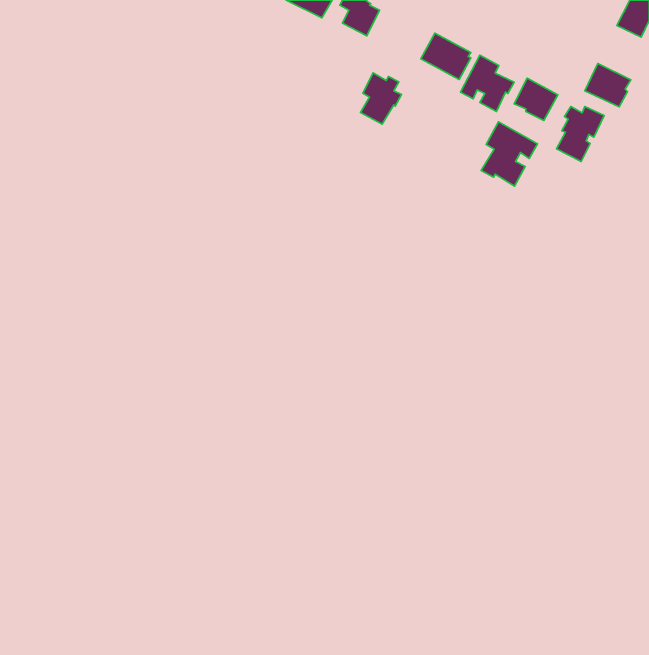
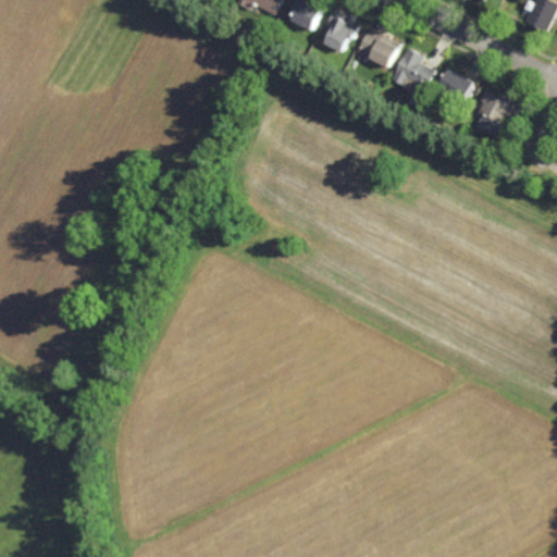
building: [585,63,631,107] -> none
building: [360,73,401,124] -> [323,9,358,52]
building: [481,122,538,186] -> none

